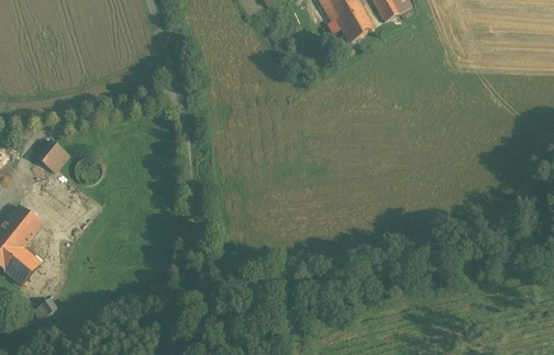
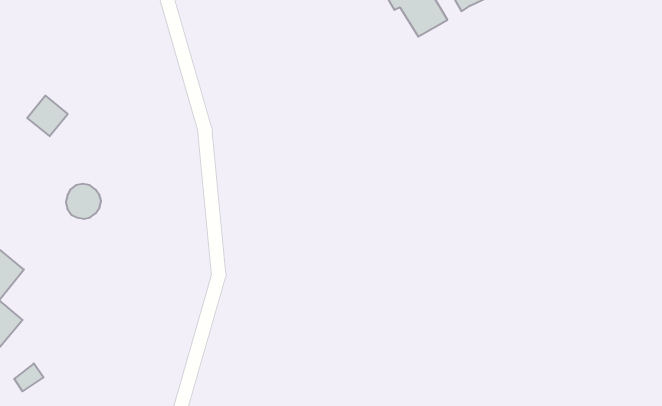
building: [36,140,68,171] -> [27,96,68,136]

